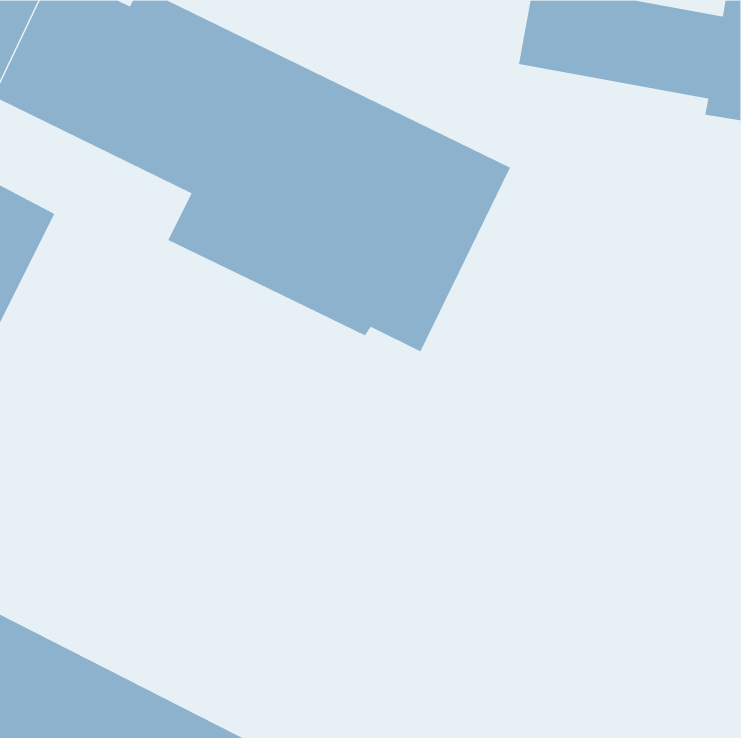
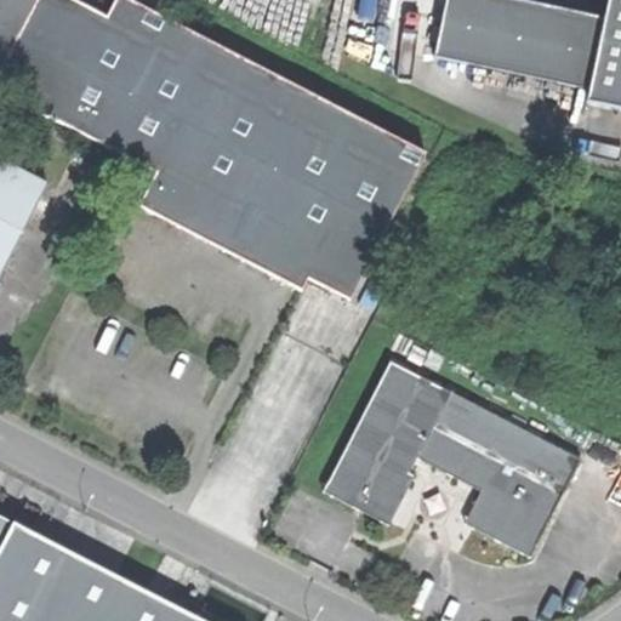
building: none -> [331,359,583,552]

